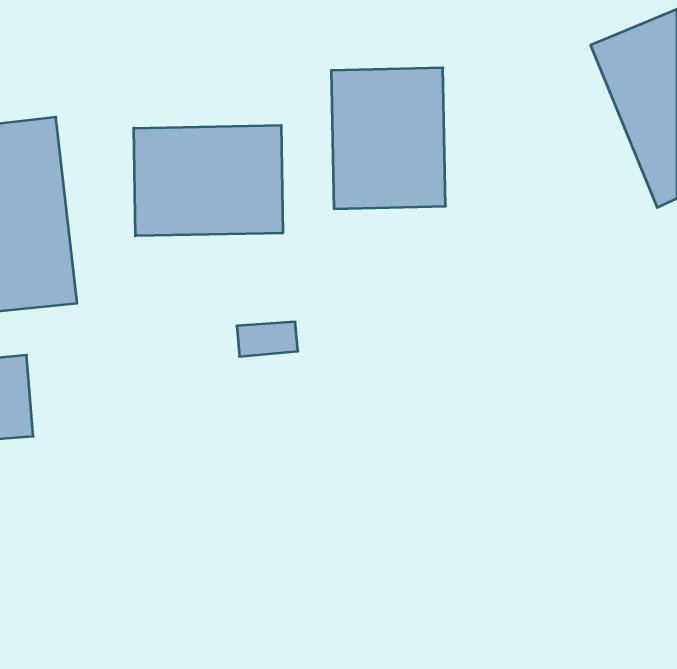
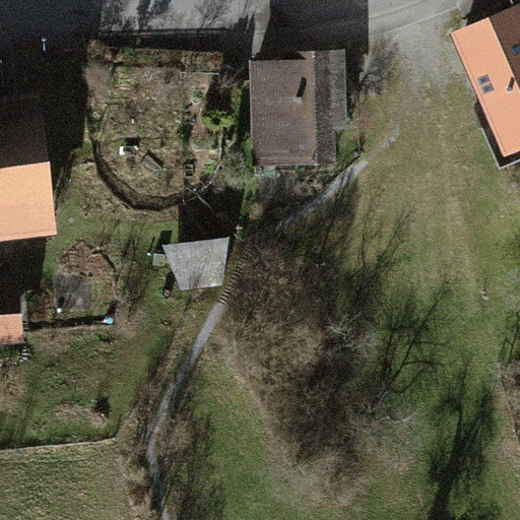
building: [134,125,283,236] -> none

